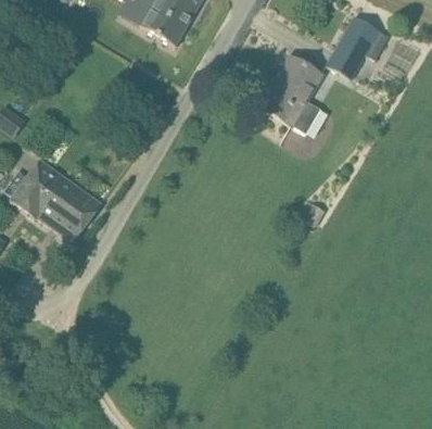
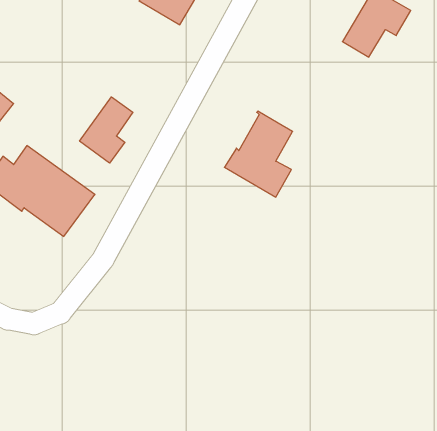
building: [258,54,320,133] -> [224,111,293,197]
building: none -> [80,97,133,163]

